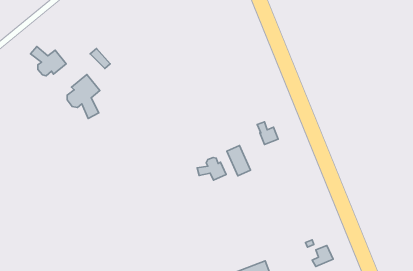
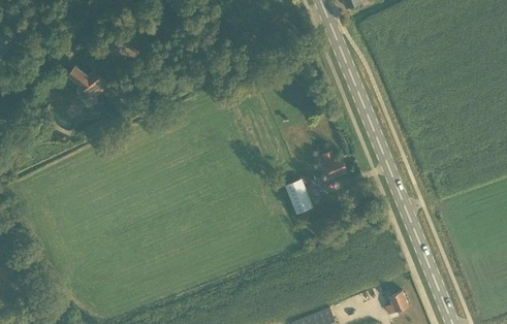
building: [67,74,100,119] -> none
building: [197,157,226,180] -> none

